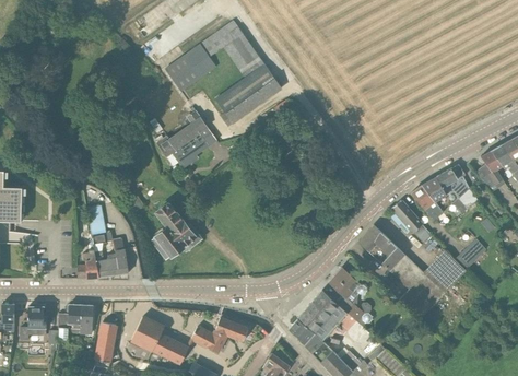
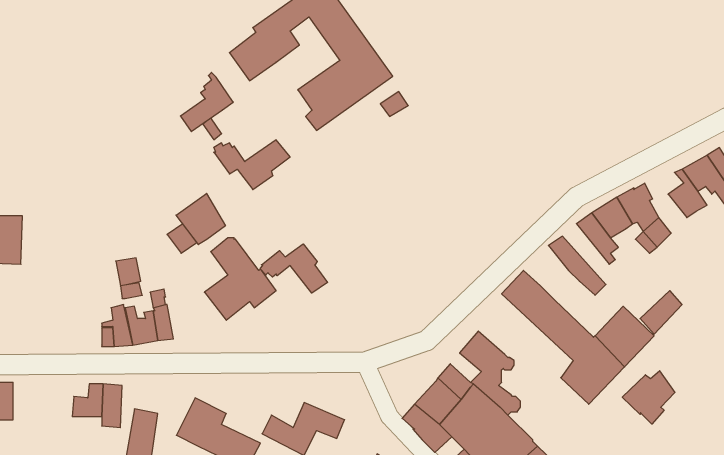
building: [170,107,208,149] -> [180,72,233,132]
building: none -> [176,193,225,245]
building: none -> [260,244,328,293]
building: none -> [622,371,675,424]
building: [21,304,47,340] -> none

